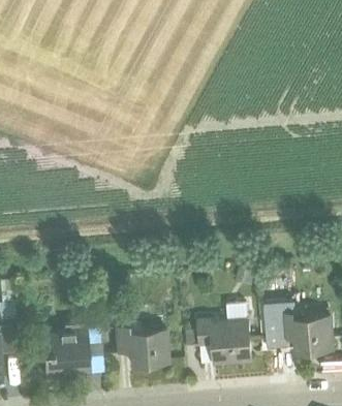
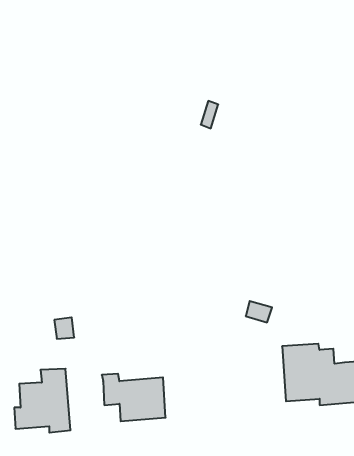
building: [197,304,250,363] -> none

